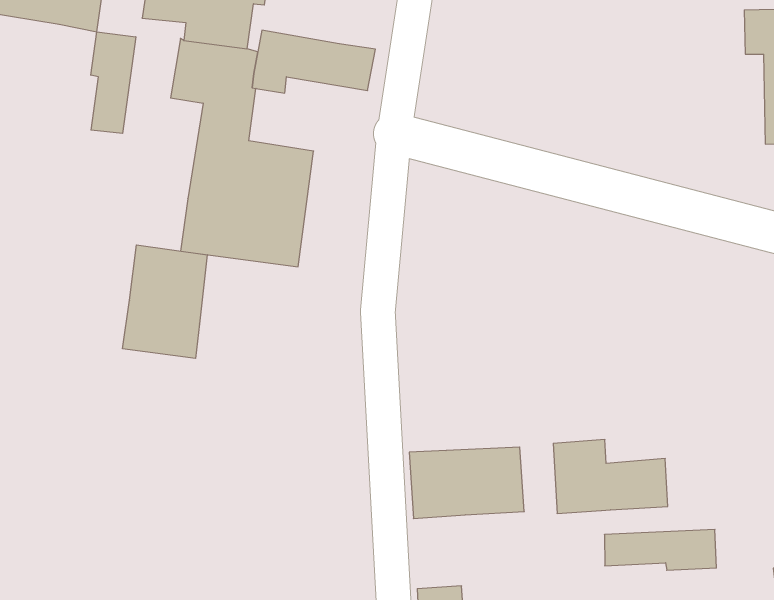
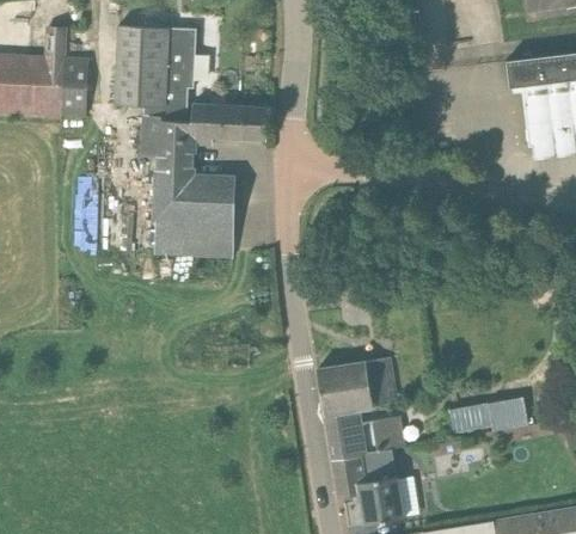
building: [91,32,136,133] -> none
building: [123,245,207,358] -> none
building: [553,440,668,513] -> [325,407,404,459]

